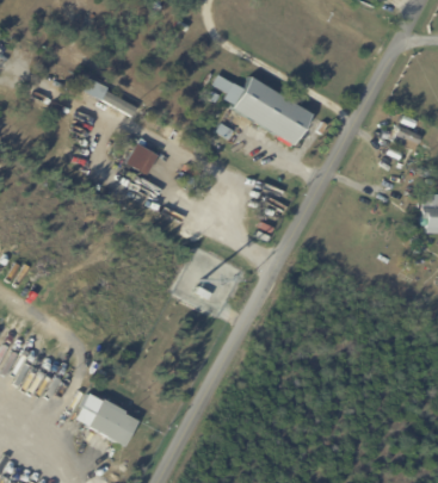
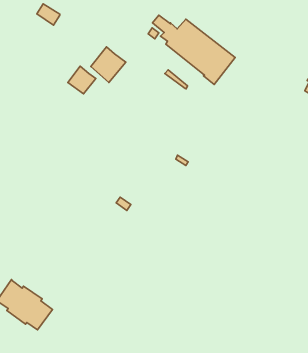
building: none -> [91,47,126,83]

